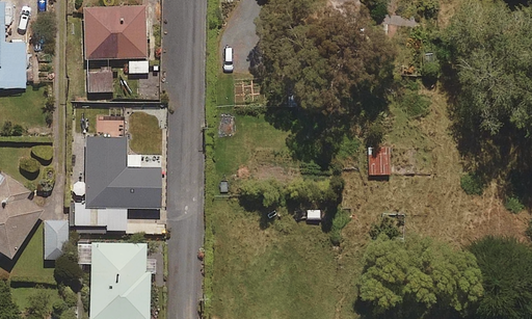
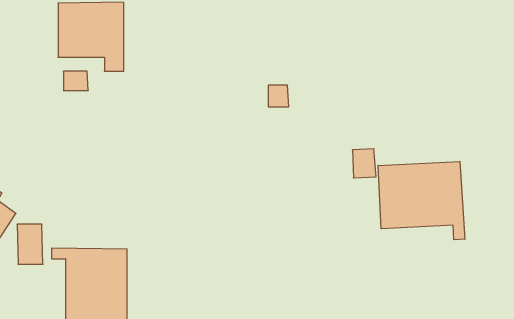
building: [74,119,161,231] -> none
building: none -> [378,161,465,240]

